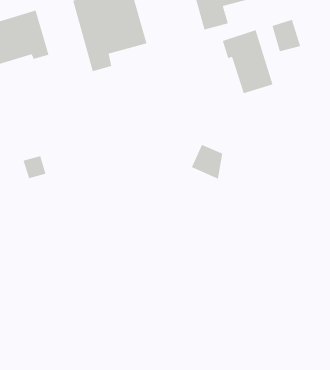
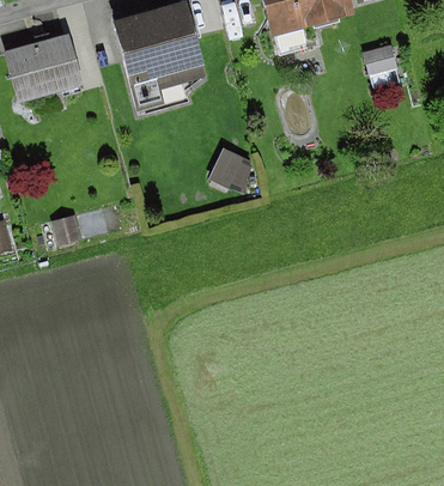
building: [222,29,274,94] -> none
building: [191,144,223,180] -> [209,147,250,193]

